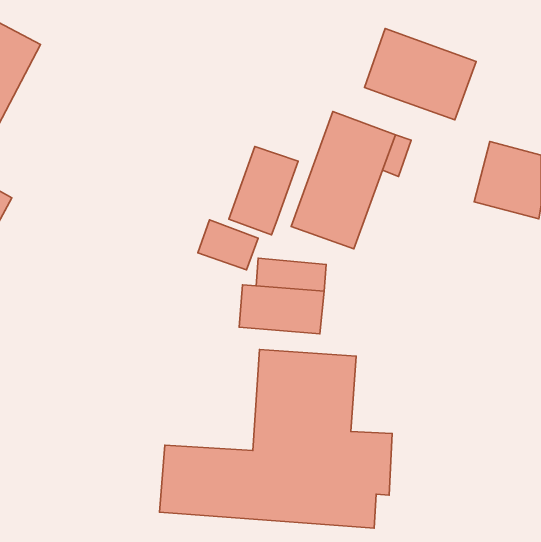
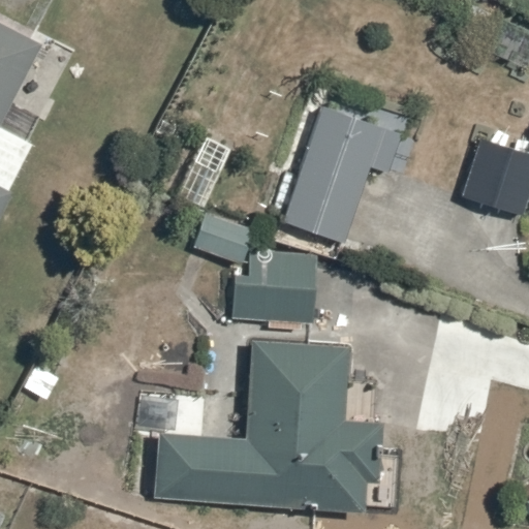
building: [364,29,476,120] -> none
building: [229,147,298,235] -> none

